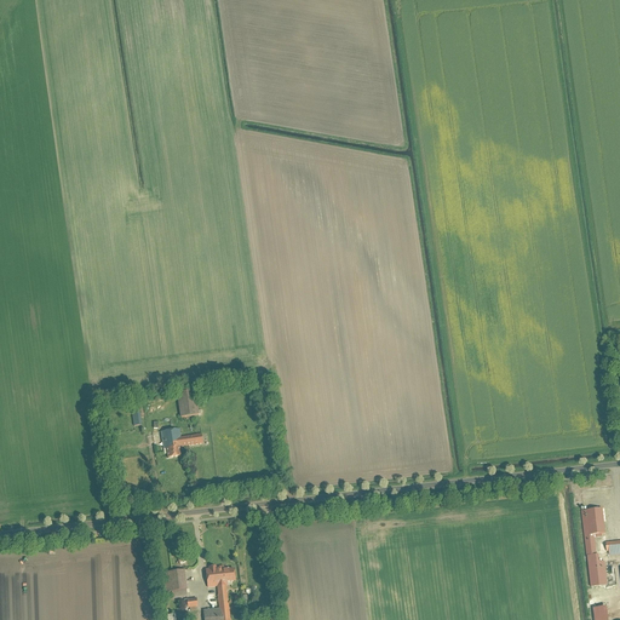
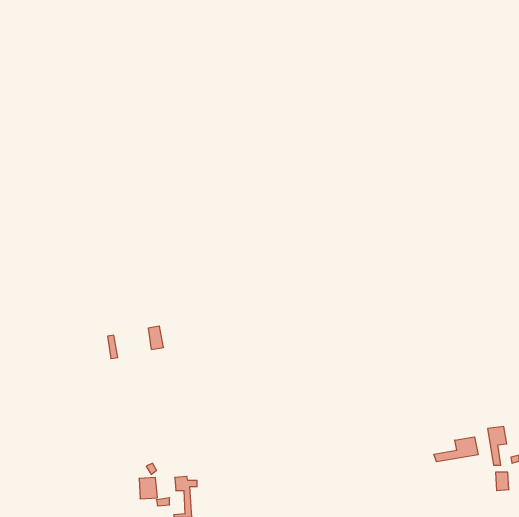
building: [162,430,202,457] -> none
building: none -> [434,437,478,462]

